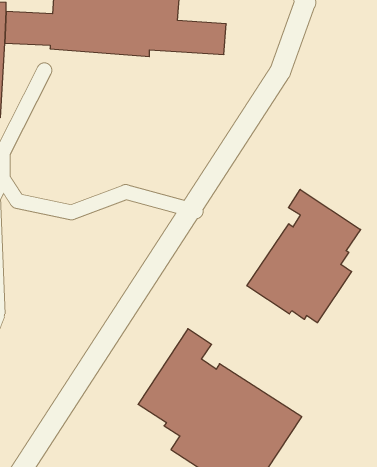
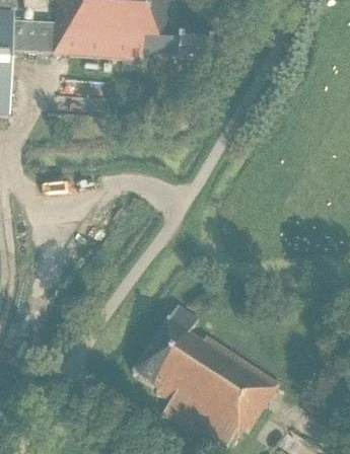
building: [247,189,361,323] -> none

